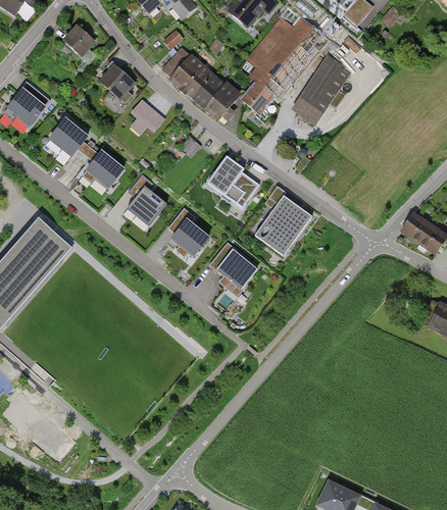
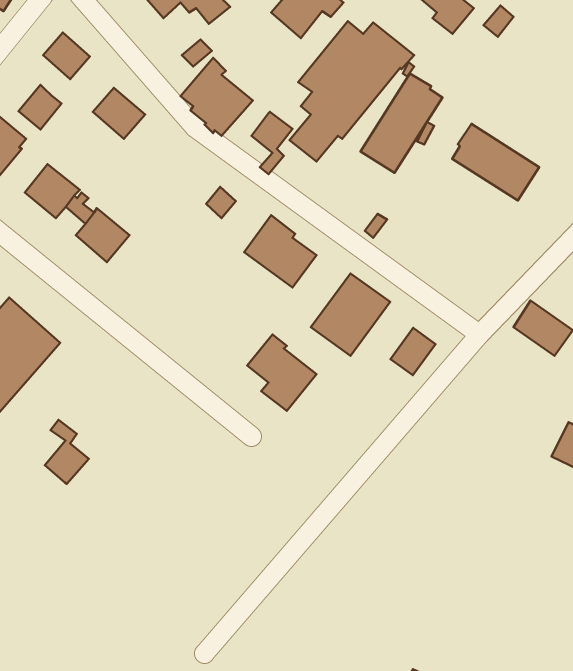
building: none -> [18,85,61,129]
building: [191,72,228,120] -> none
building: none -> [452,124,539,200]
building: [130,98,165,135] -> none
building: [127,174,167,225] -> none
building: [167,207,210,258] -> none
building: none -> [390,328,436,375]
building: none -> [45,420,89,484]

